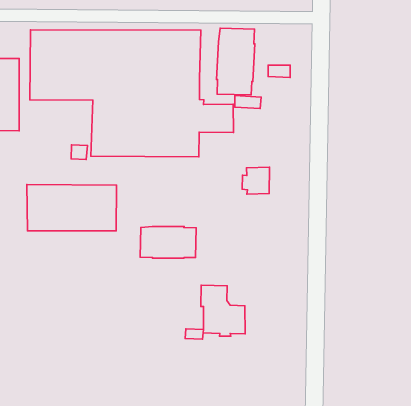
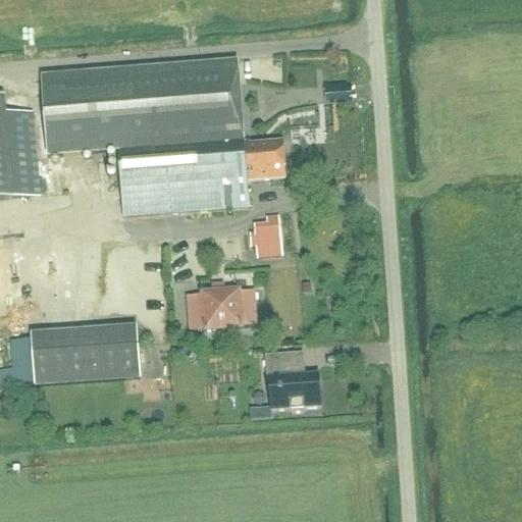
building: [217,28,255,95] -> none
building: [242,167,270,194] -> [248,215,280,249]
building: [27,184,117,231] -> [32,324,140,386]

